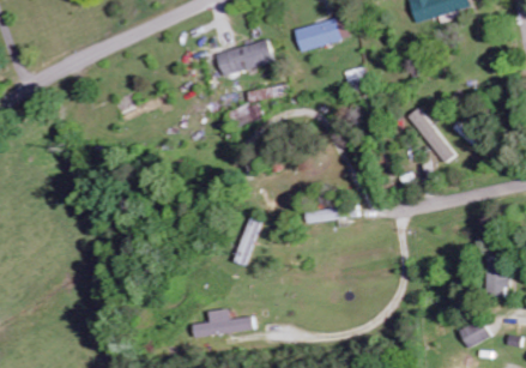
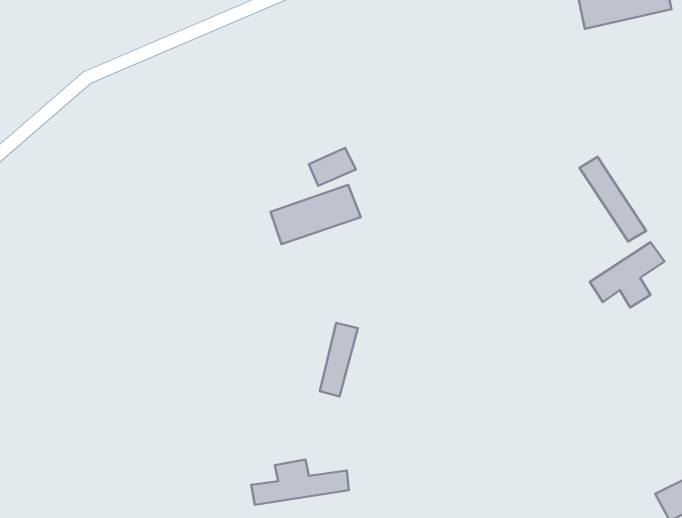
building: [294,19,345,49] -> none
building: [213,37,273,77] -> [271,185,361,244]
building: none -> [590,242,664,307]

